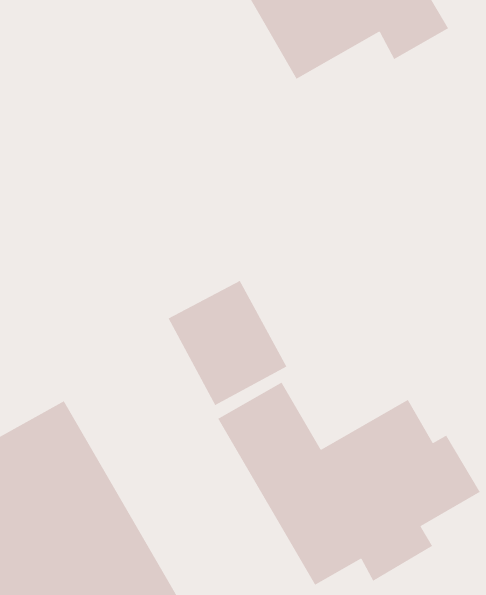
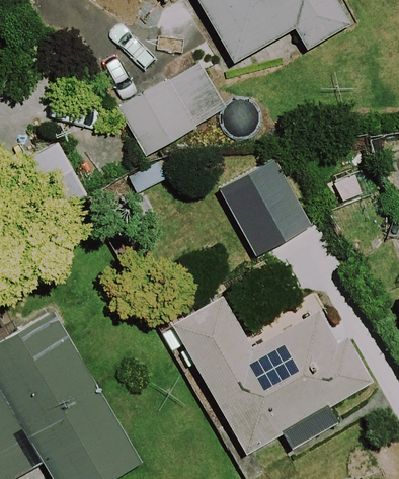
building: none -> [118,62,226,154]
building: [168,280,287,406] -> [220,158,312,255]

